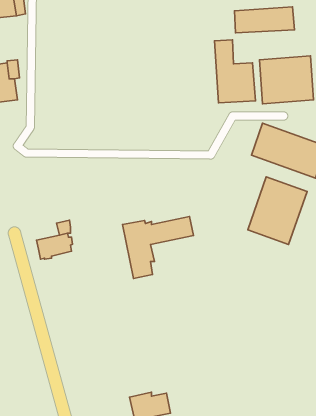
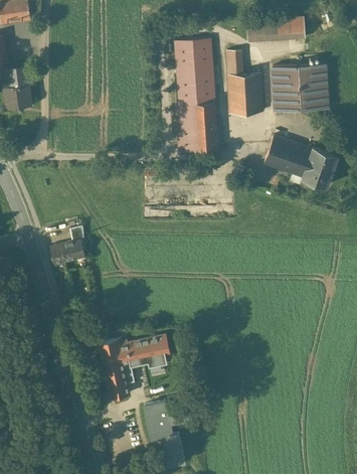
building: none -> [173,41,220,157]
building: [248,177,307,244] -> none
building: [122,216,194,278] -> [97,338,168,401]

